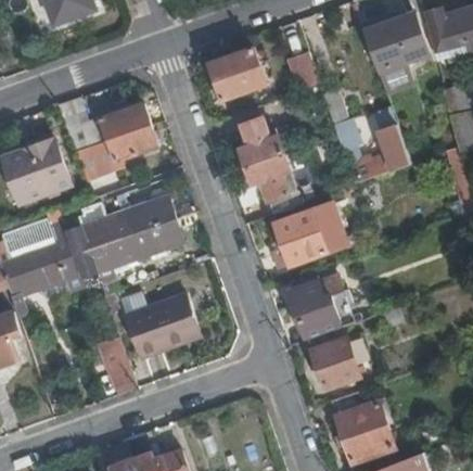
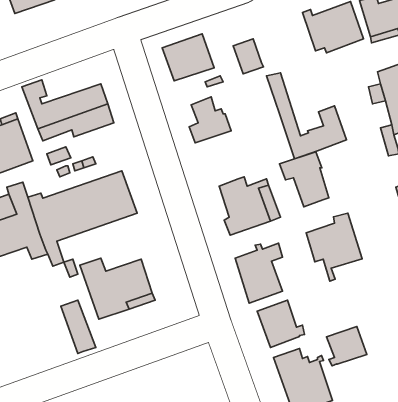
building: [245,153,298,213] -> [280,152,329,207]
building: none -> [306,213,362,281]
building: none -> [327,326,367,366]

